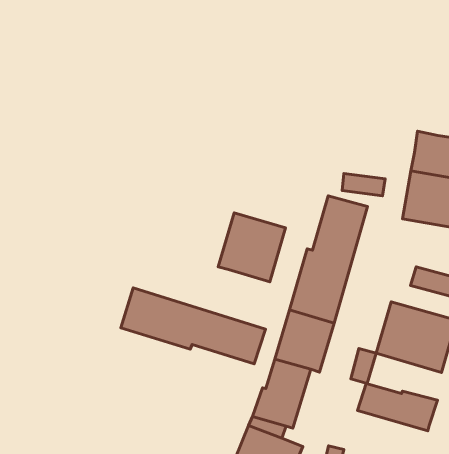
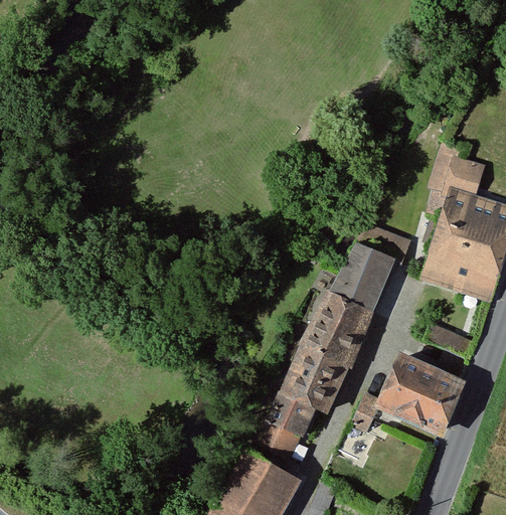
building: none -> [432,144,484,213]
building: [218,213,285,282] -> none
building: [121,288,265,364] -> none
building: [358,383,437,431] -> none

